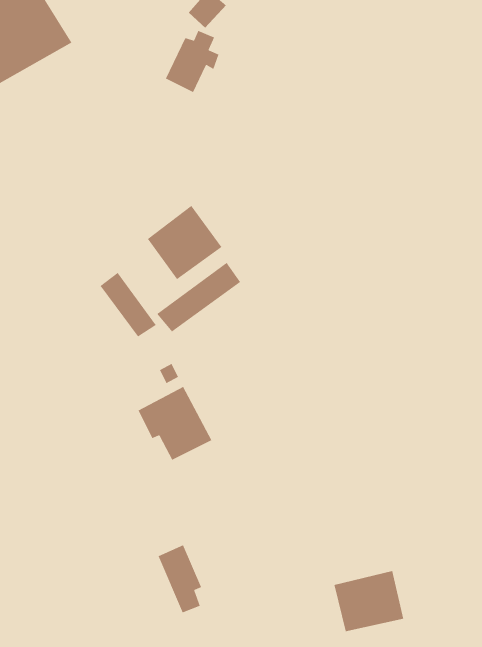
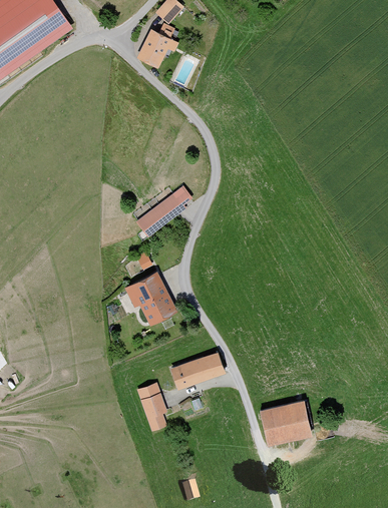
building: [147,205,223,280] -> none
building: [100,272,157,337] -> none
building: none -> [169,352,223,389]

